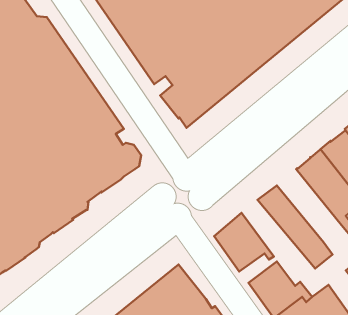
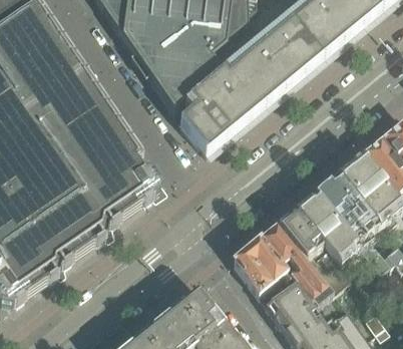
building: none -> [295,194,359,266]
building: none -> [260,224,333,309]

